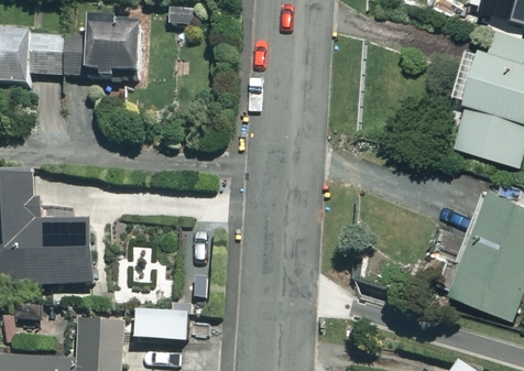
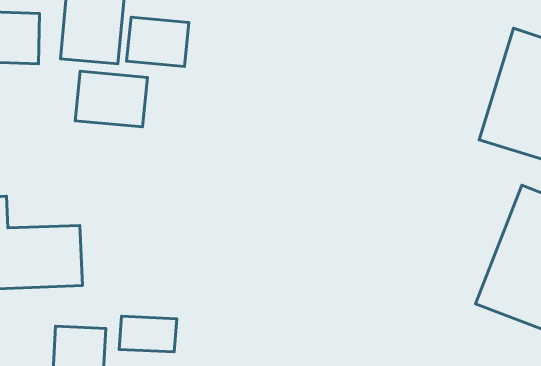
building: none -> [127,17,189,67]
building: none -> [75,71,148,127]

